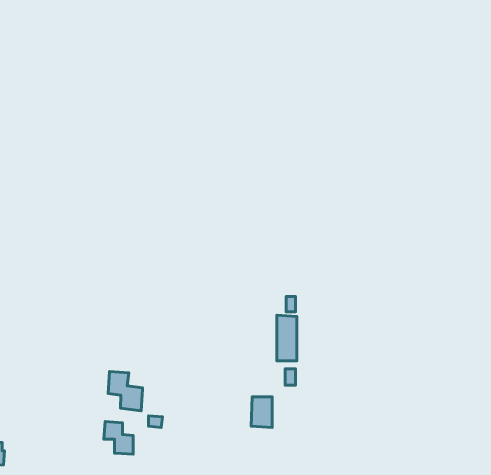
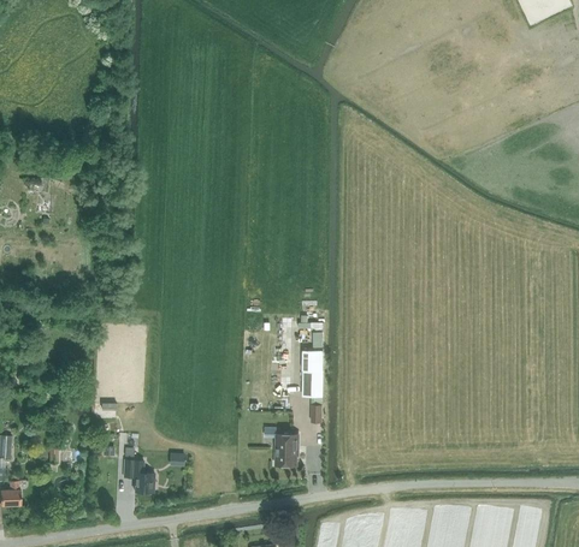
building: [108,372,143,411] -> none

